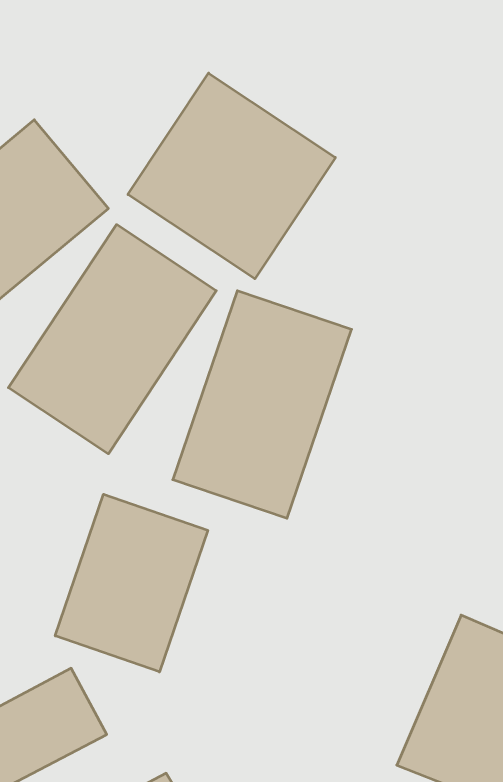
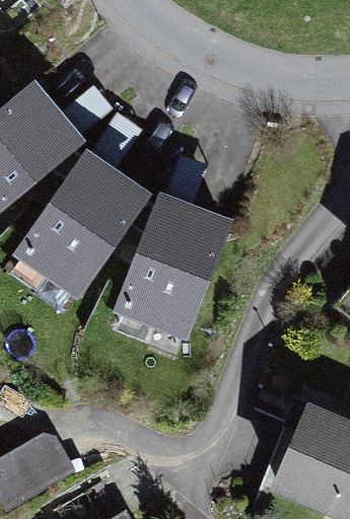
building: [128,73,335,279] -> none
building: [55,494,208,672] -> none

